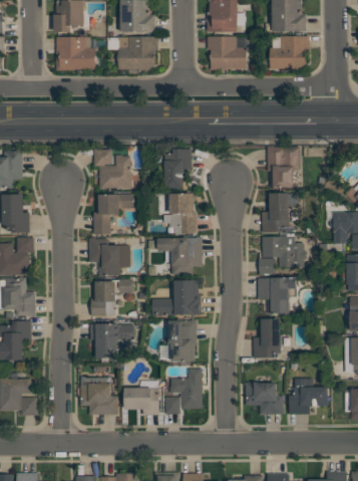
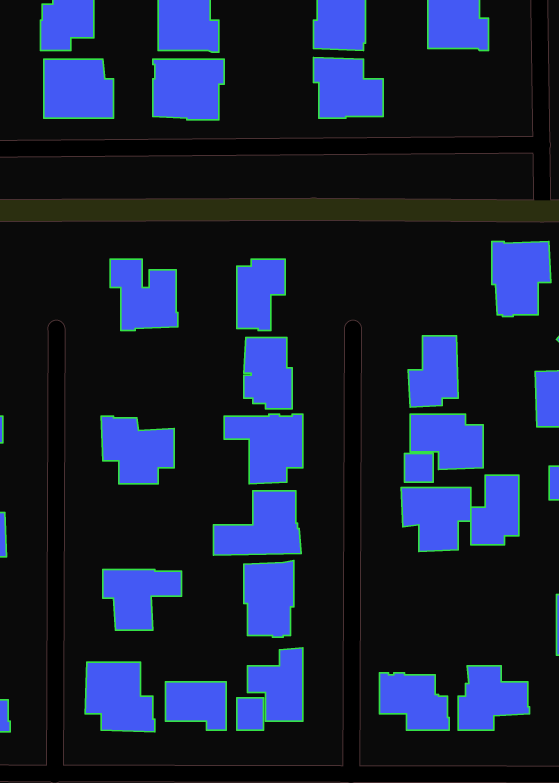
building: [270,35,310,69] -> none
building: [268,146,301,188] -> [492,242,551,316]
building: [94,194,134,234] -> none
building: [91,278,134,315] -> none
building: [254,318,281,357] -> [471,475,519,545]

